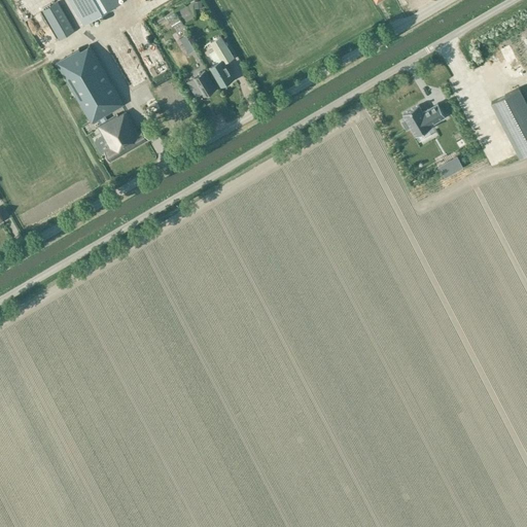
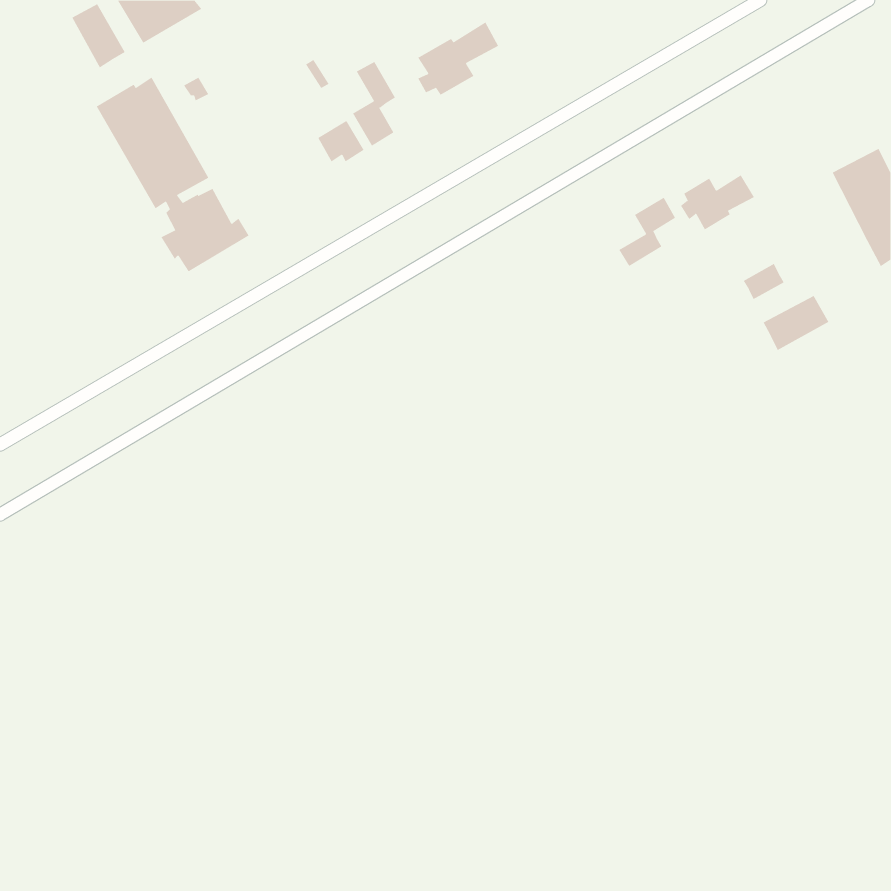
building: none -> [418,22,499,95]
building: none -> [618,197,676,267]
building: none -> [763,295,829,351]

